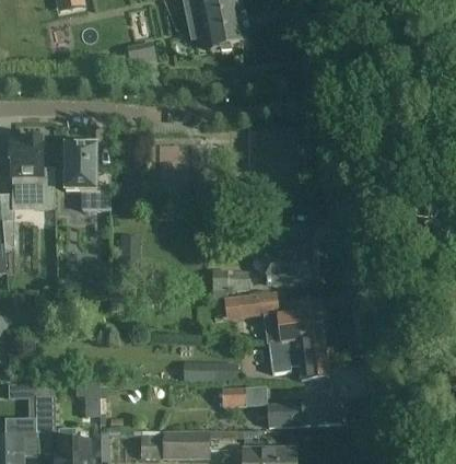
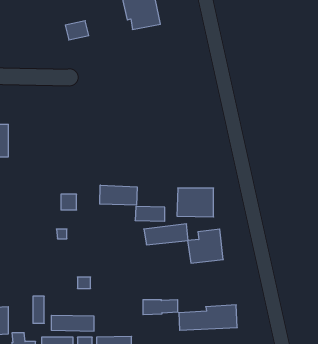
building: [63,142,109,210] -> none
building: none -> [100,185,137,205]
building: [267,337,328,379] -> none
building: [183,361,236,381] -> [51,315,94,331]

